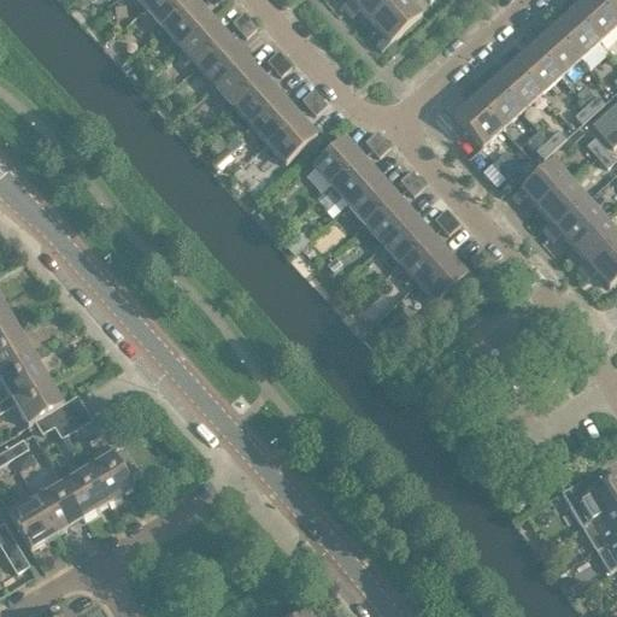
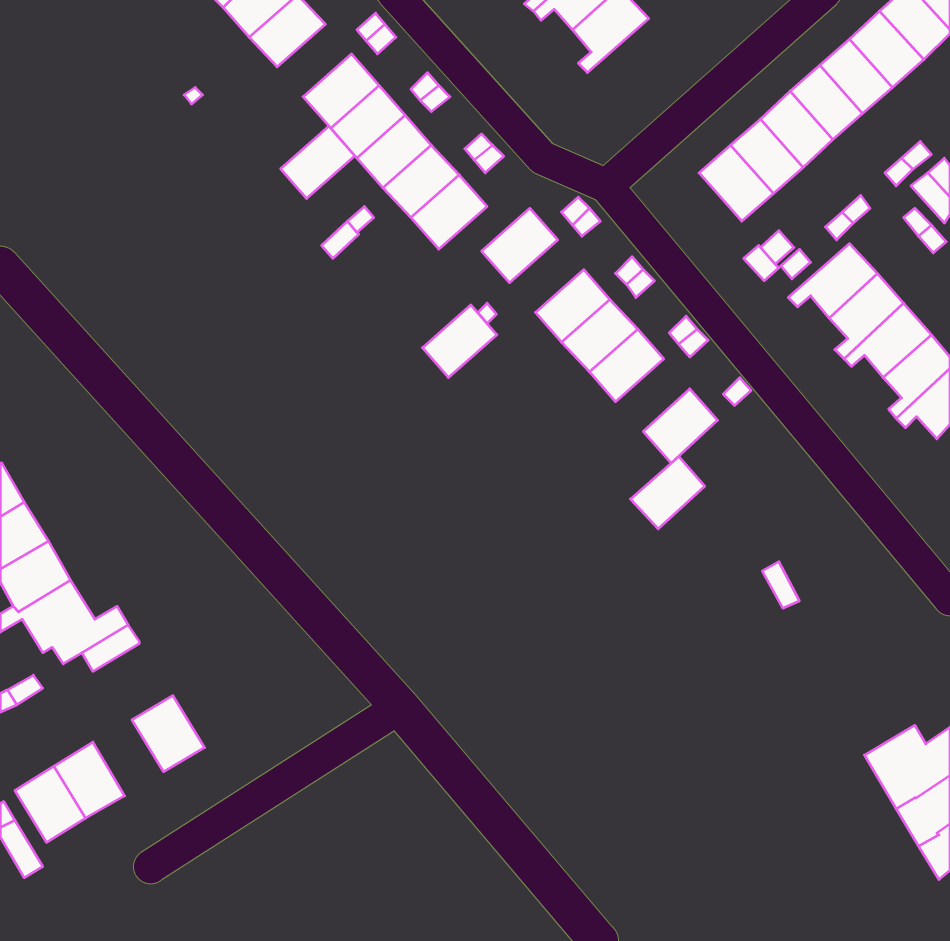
building: [180,16,228,63] -> [281,126,355,199]
building: [330,155,378,202] -> [422,305,497,378]
building: [399,233,447,280] -> [630,456,705,529]
building: [60,466,106,516] -> none

